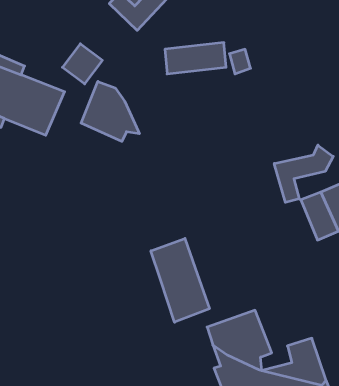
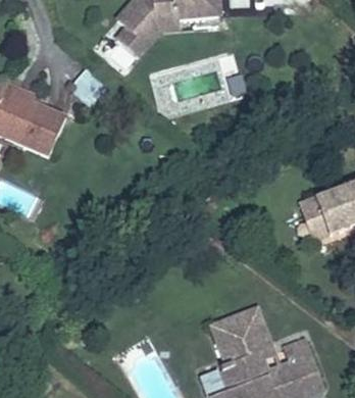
building: [81,81,139,141] -> none
building: [274,145,333,202] -> none
building: [151,238,209,322] -> none

